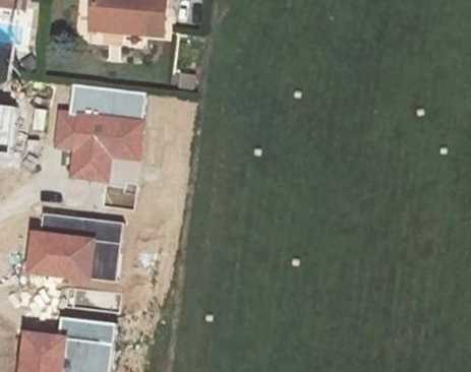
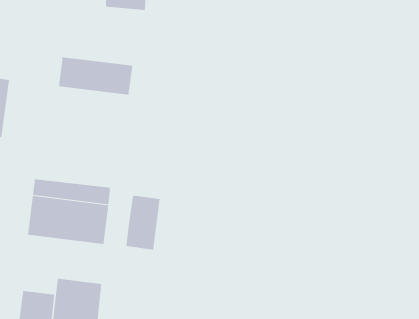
building: [59,116,140,184] -> none
building: none -> [126,195,160,250]

